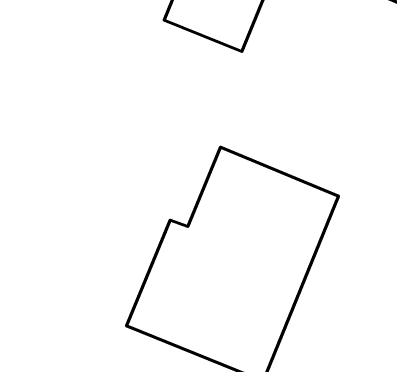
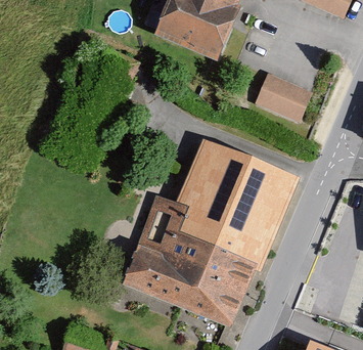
building: none -> [256,75,312,122]

